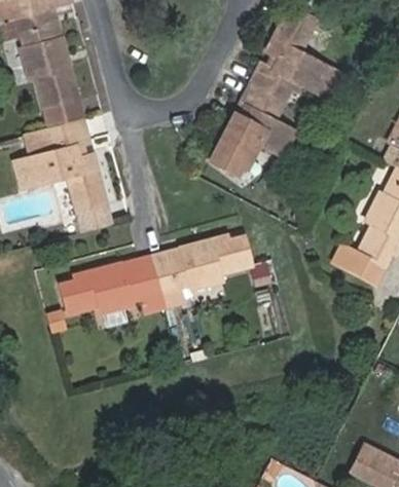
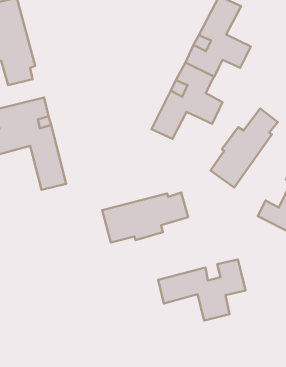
building: none -> [210,109,278,188]
building: [61,256,164,315] -> none
building: none -> [158,260,246,321]

